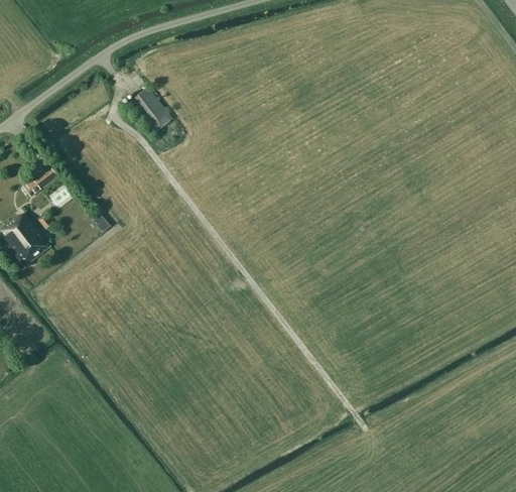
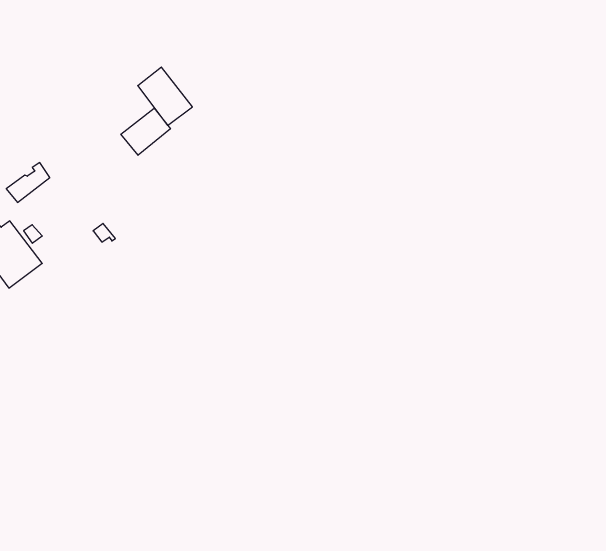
building: none -> [121,108,170,155]

